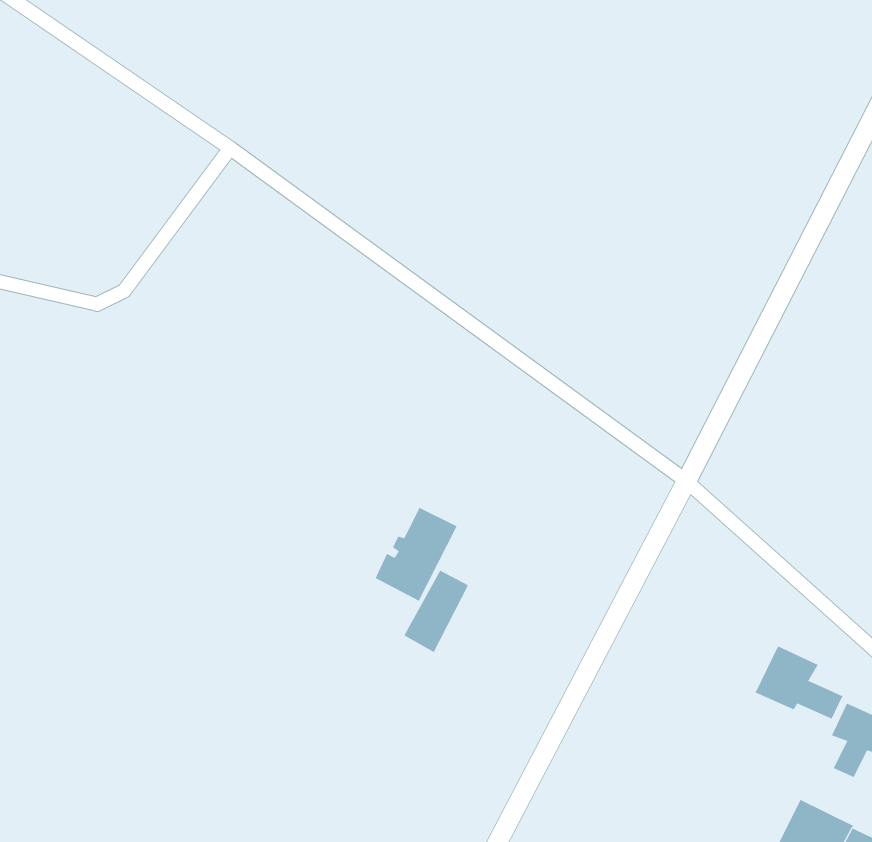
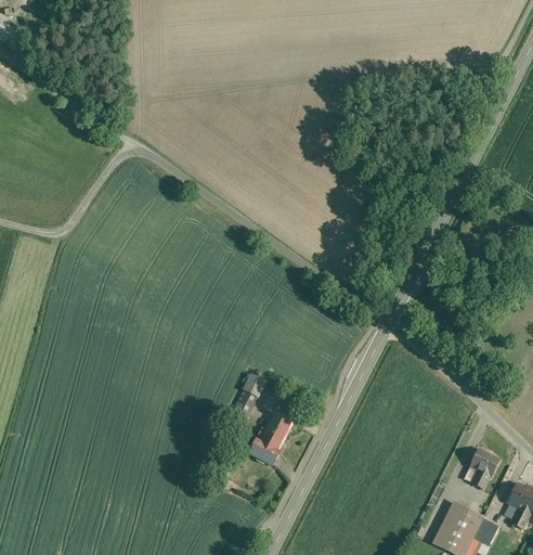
building: [375,507,458,601] -> [247,411,294,464]
building: [755,645,843,719] -> none

